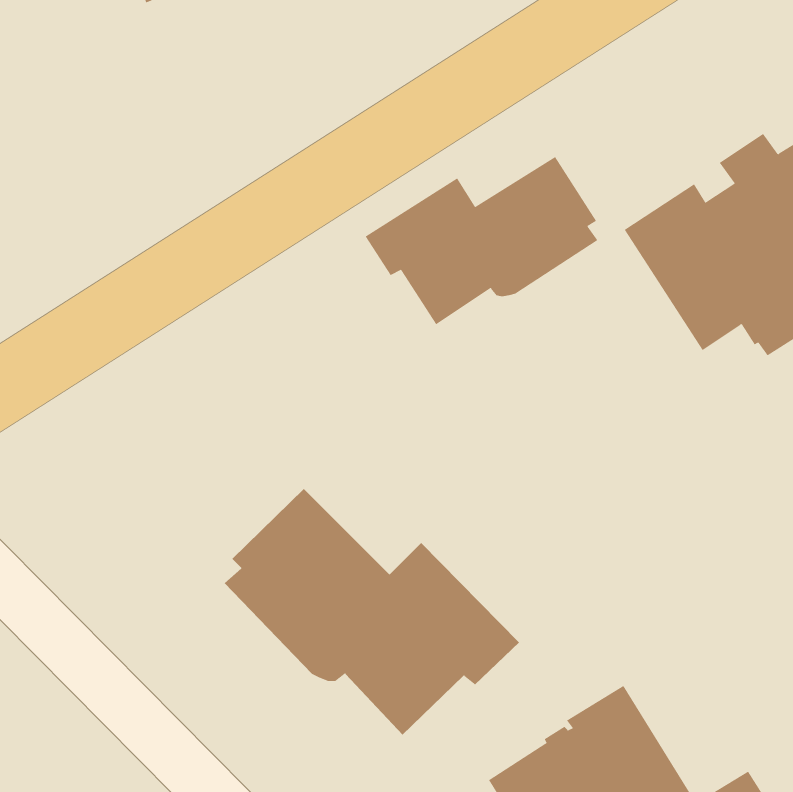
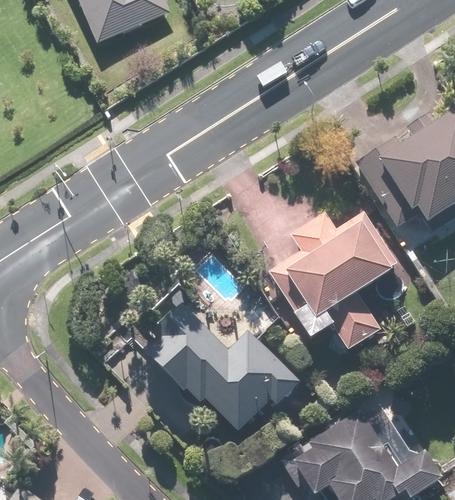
building: [365,156,598,325] -> none
building: none -> [270,210,398,350]

